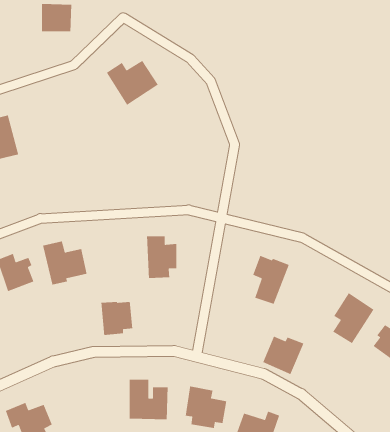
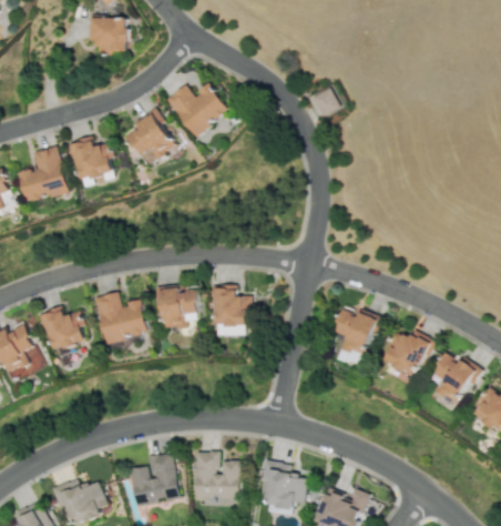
building: none -> [309,88,338,118]
building: none -> [124,113,175,166]
building: none -> [71,138,113,183]
building: [101,301,133,336] -> [160,289,197,328]
building: [262,336,304,375] -> [382,332,431,377]
building: none -> [129,453,178,505]

